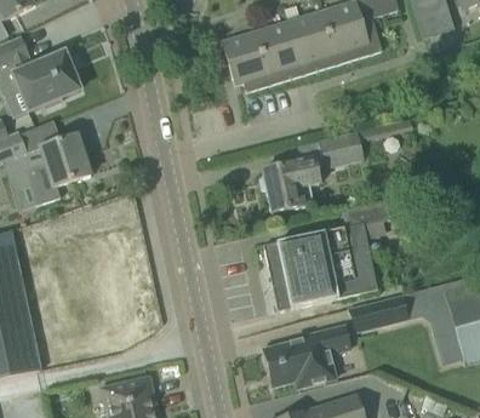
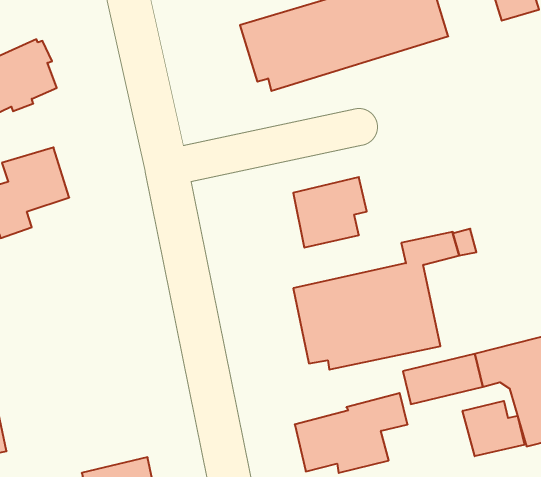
building: [319,119,412,168] -> none
building: none -> [463,401,524,456]

